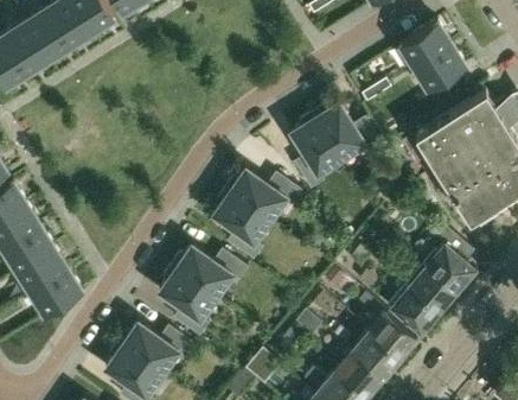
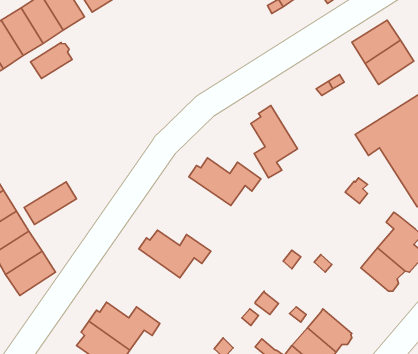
building: none -> [31,43,72,79]
building: [312,104,382,161] -> none
building: [212,191,269,262] -> none
building: none -> [24,182,77,225]
building: [159,268,215,339] -> none
building: [390,288,437,334] -> none
building: [358,294,415,358] -> none

